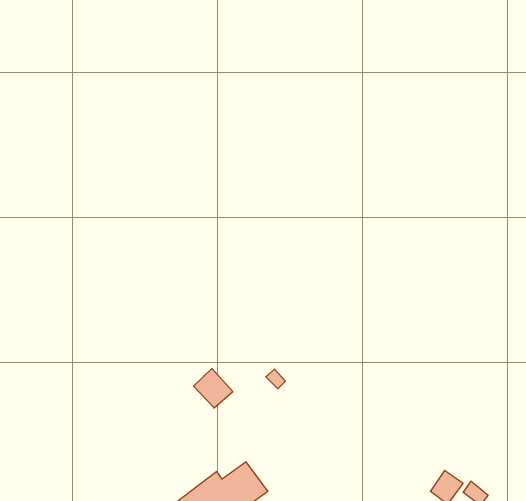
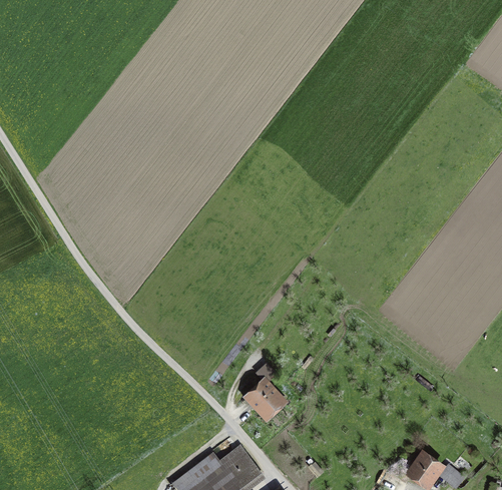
building: [193,369,233,408] -> [245,381,282,417]

